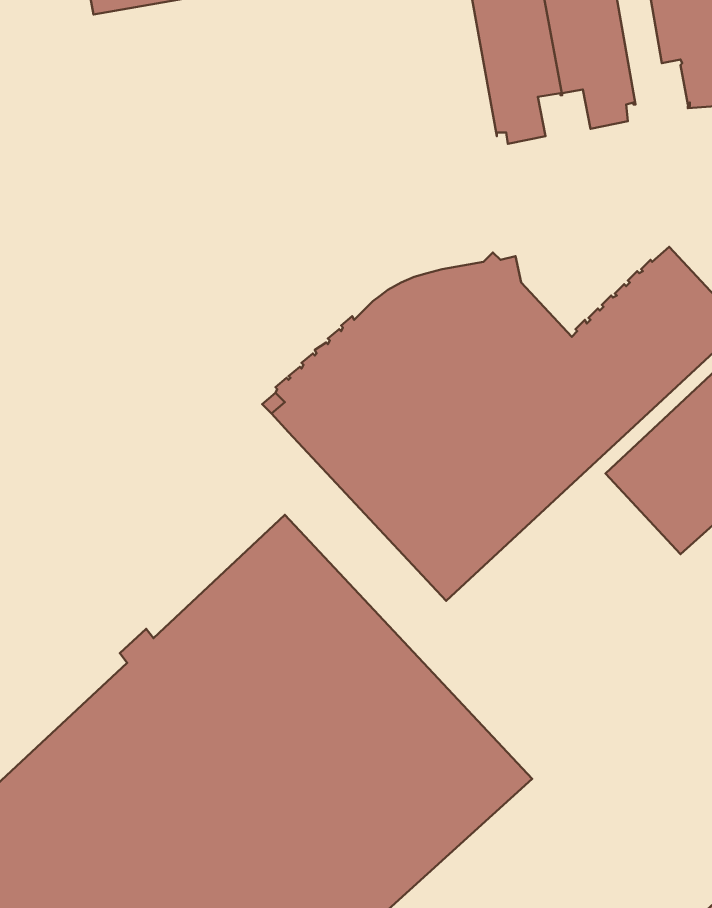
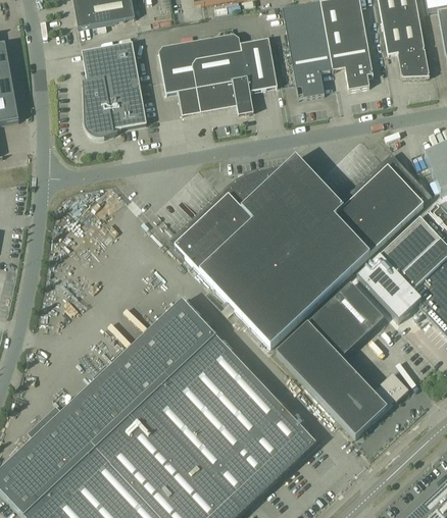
building: none -> [158,34,277,113]
building: none -> [81,41,146,137]
building: none -> [276,282,408,436]

